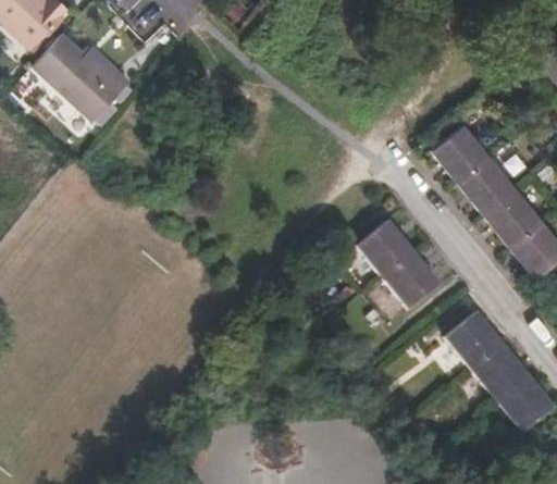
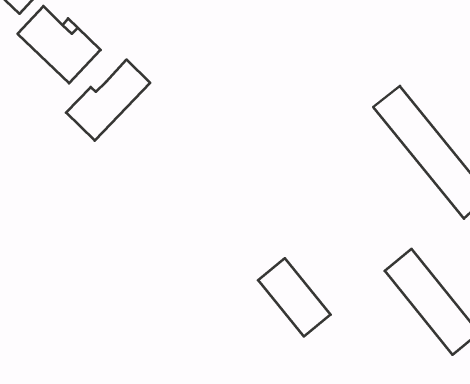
building: none -> [66,60,150,141]
building: [358,220,441,309] -> [258,258,331,336]

